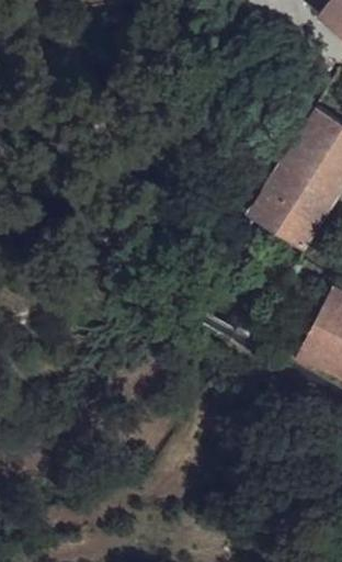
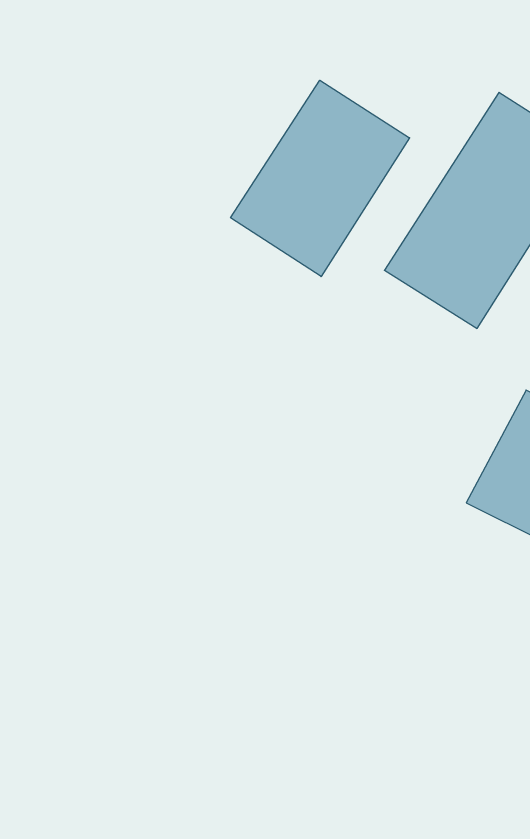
building: none -> [231,80,410,277]

